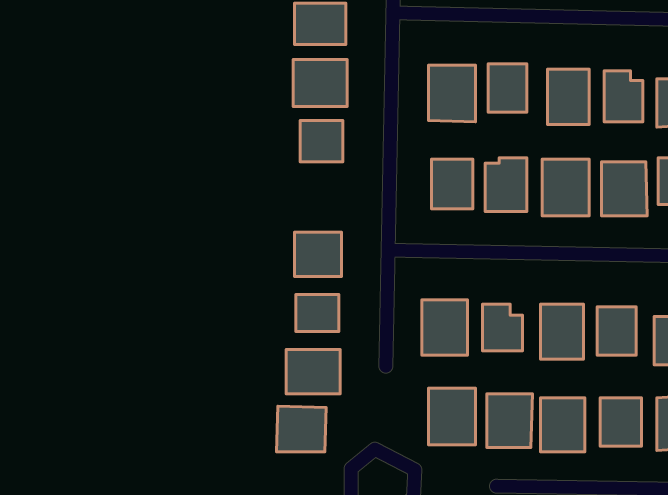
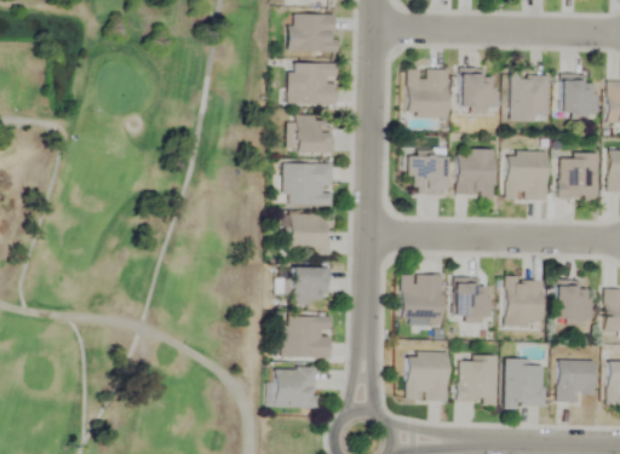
building: none -> [286,165,333,206]

